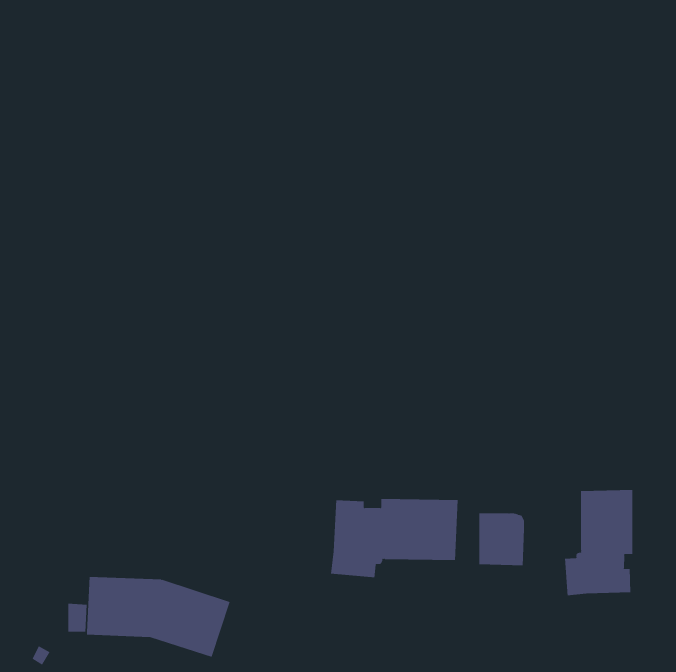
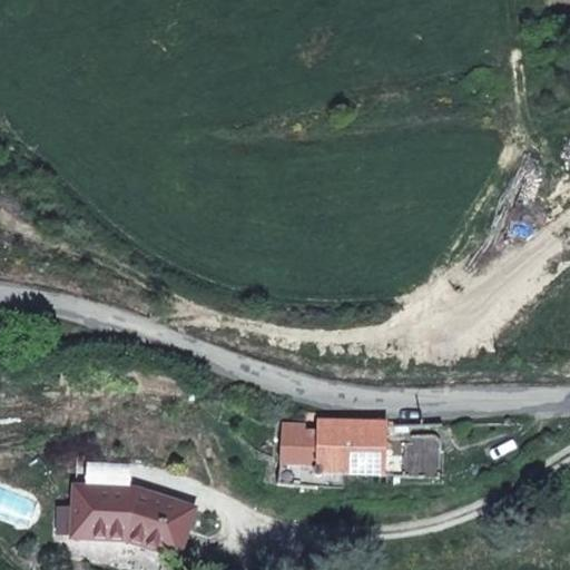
building: [564,489,633,596] -> none

